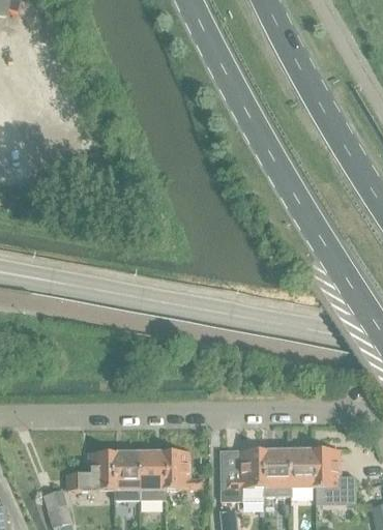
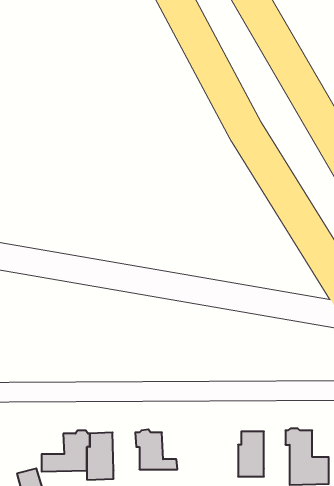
building: [220,447,267,500] -> none
building: [290,449,316,488] -> none
building: [138,451,165,498] -> none

